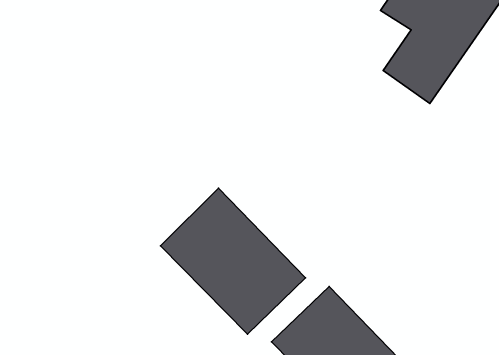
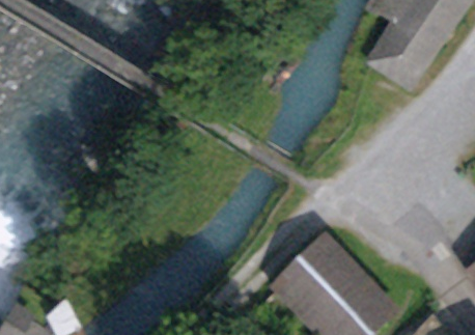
building: [161,188,306,334] -> none

